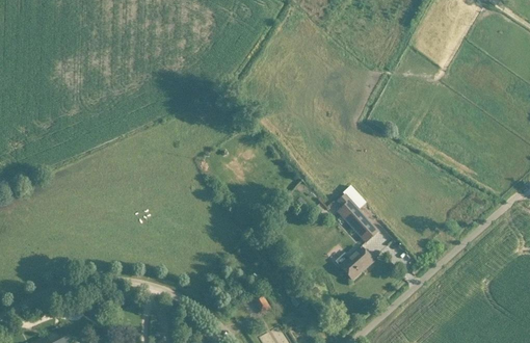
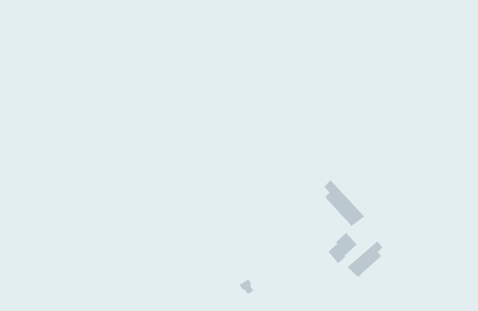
building: none -> [347,240,383,278]

